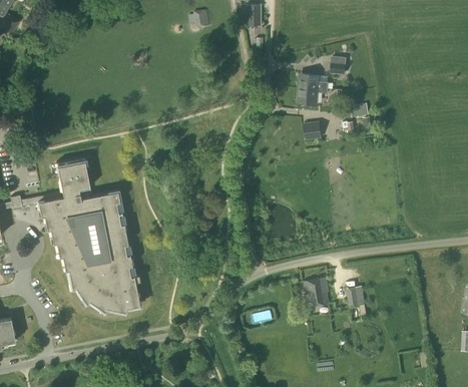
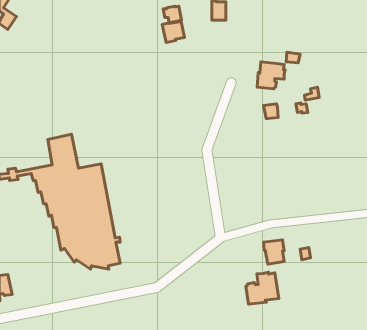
building: none -> [162,22,184,43]
building: none -> [246,272,279,304]

